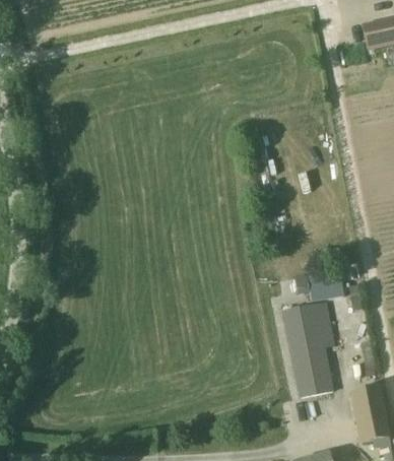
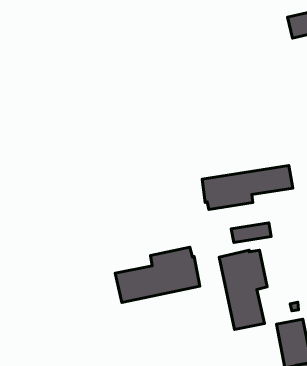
building: none -> [202,166,293,209]
building: none -> [115,247,200,303]

